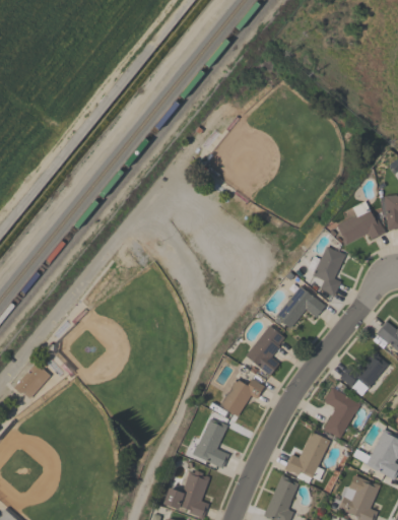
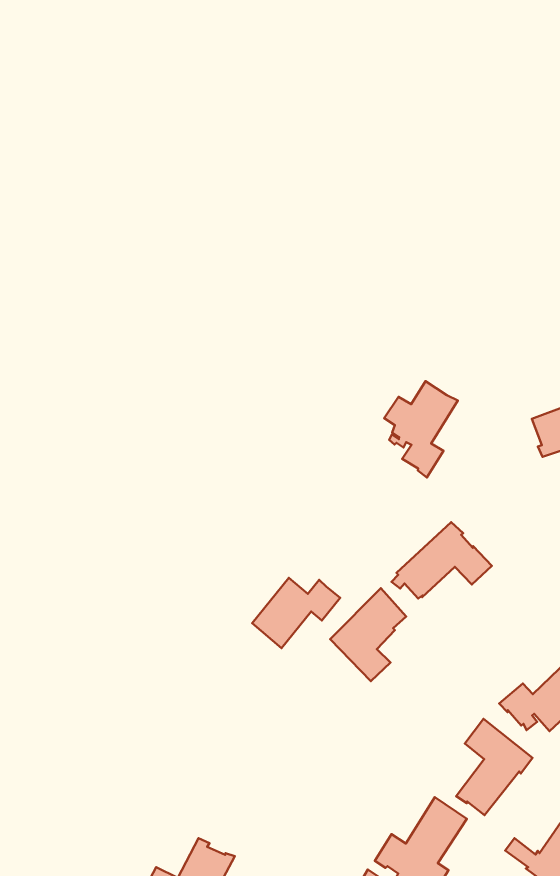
building: [308,246,345,297] -> [384,381,458,477]
building: [220,378,265,416] -> [252,578,340,648]
building: [192,418,229,468] -> none

